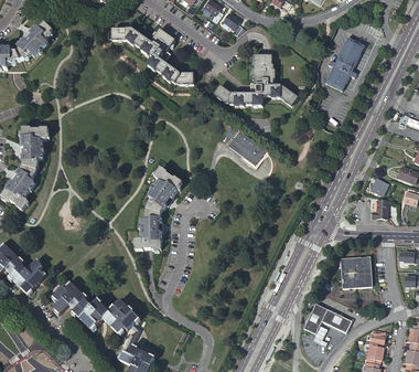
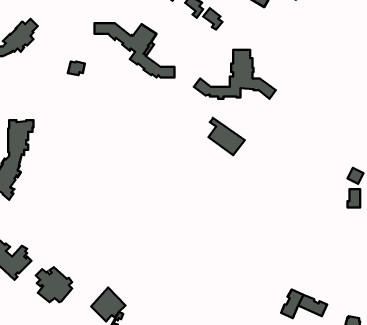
building: [323,33,368,89] -> none
building: [135,168,182,249] -> none
building: [341,256,372,287] -> none
building: [76,301,114,333] -> none

